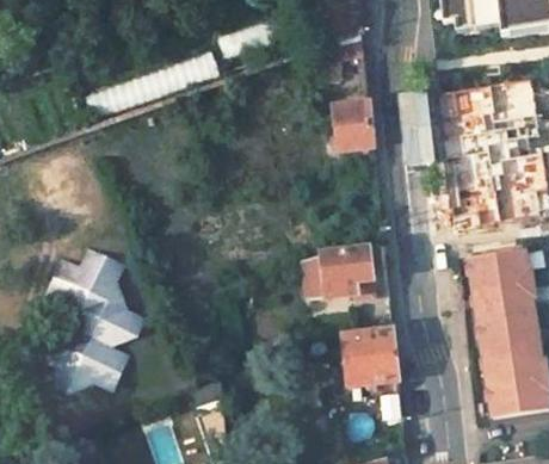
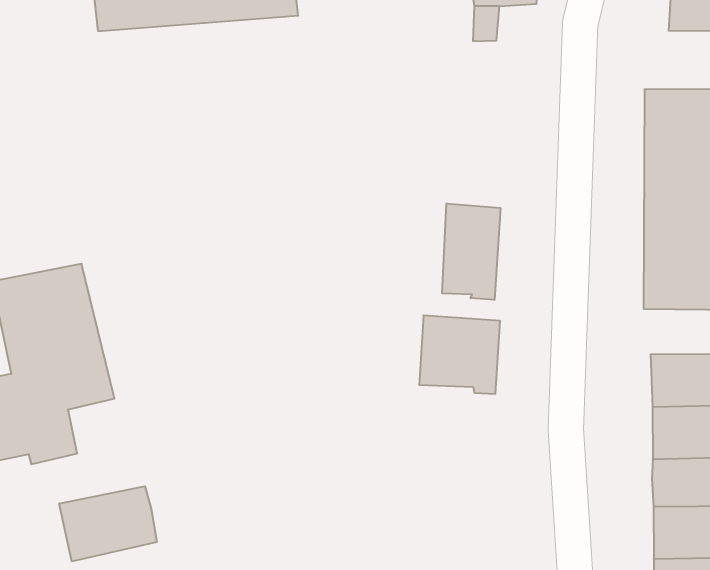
building: [337,105,375,148] -> none
building: none -> [442,203,500,300]
building: [345,332,400,386] -> none
building: none -> [59,486,157,561]

